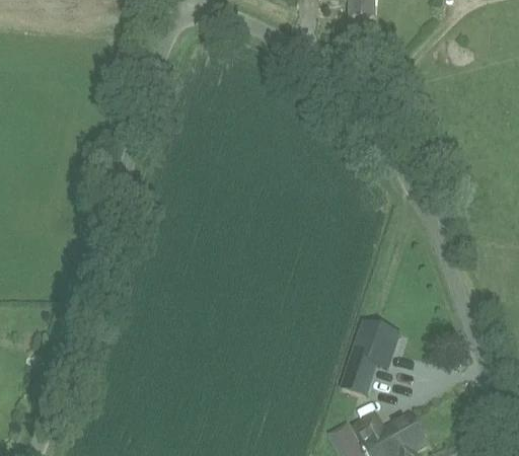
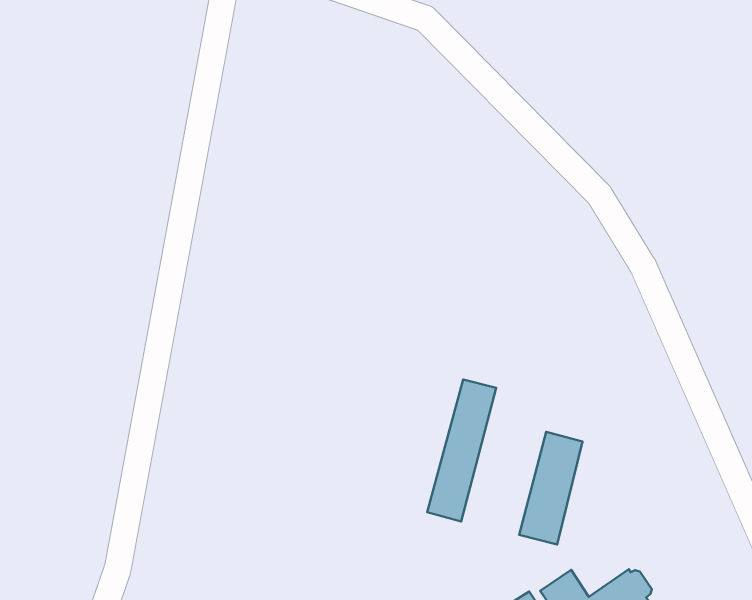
building: none -> [427,379,496,522]

